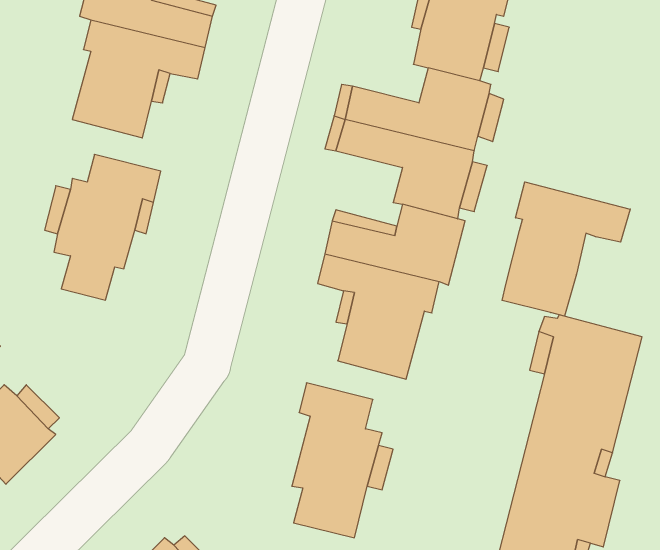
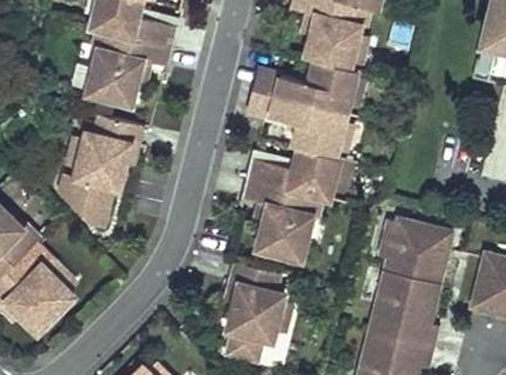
building: [502,182,630,316] -> none

